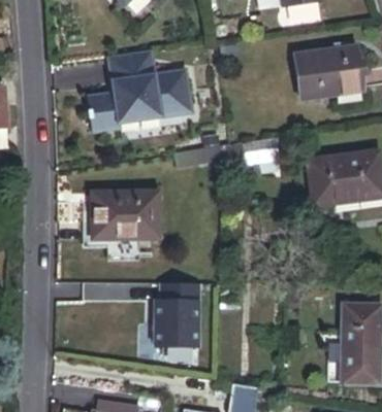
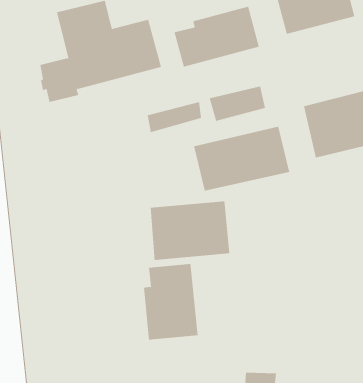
building: none -> [174,6,260,67]
building: none -> [194,126,290,192]
building: [89,193,156,240] -> [150,201,230,260]

